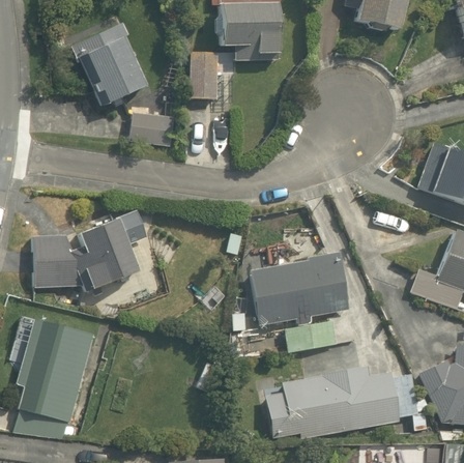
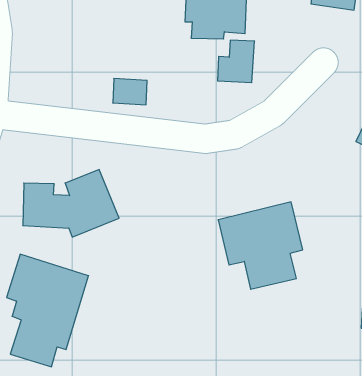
building: [85,38,139,97] -> none
building: [178,53,221,102] -> [218,40,255,83]
building: [270,365,403,440] -> none

